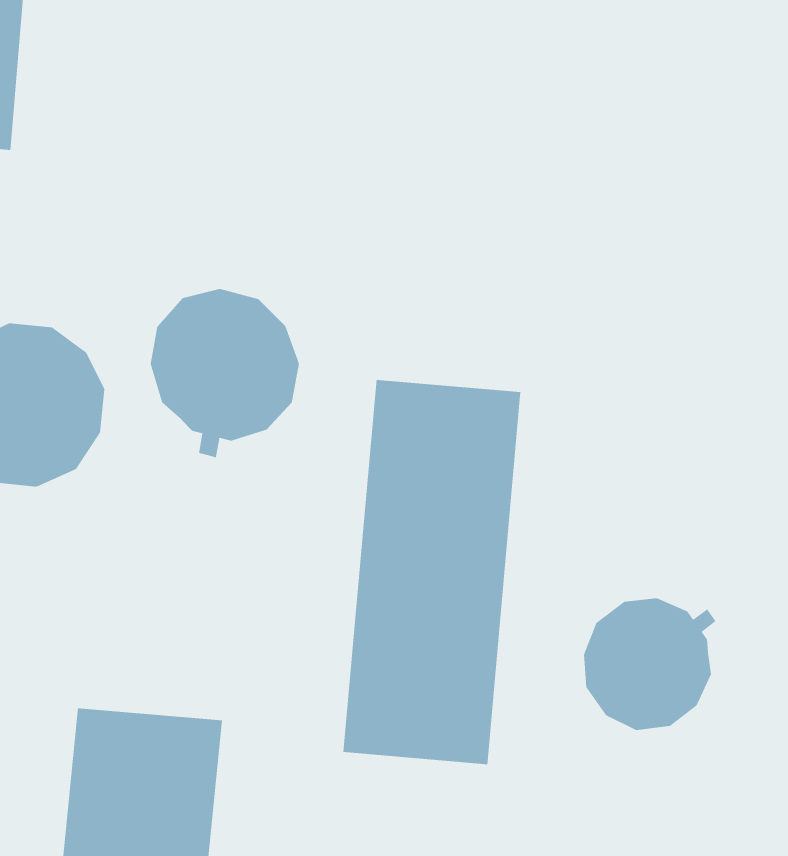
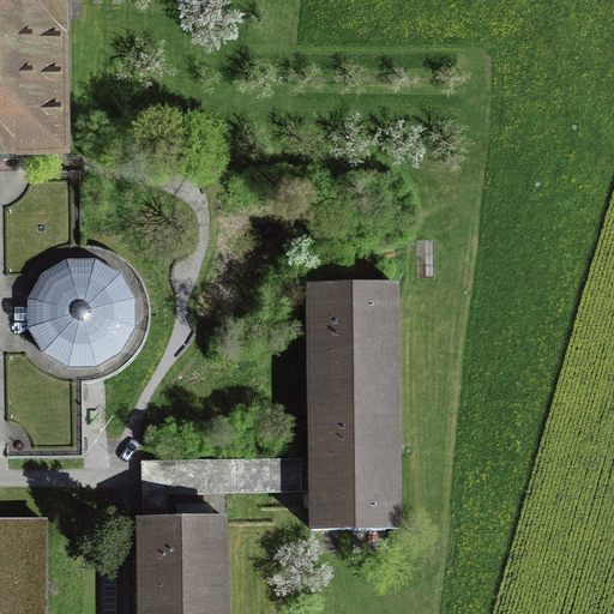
building: [150,288,299,458] -> none
building: [584,598,716,731] -> none

